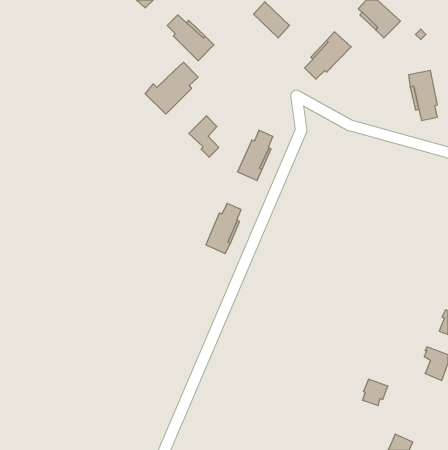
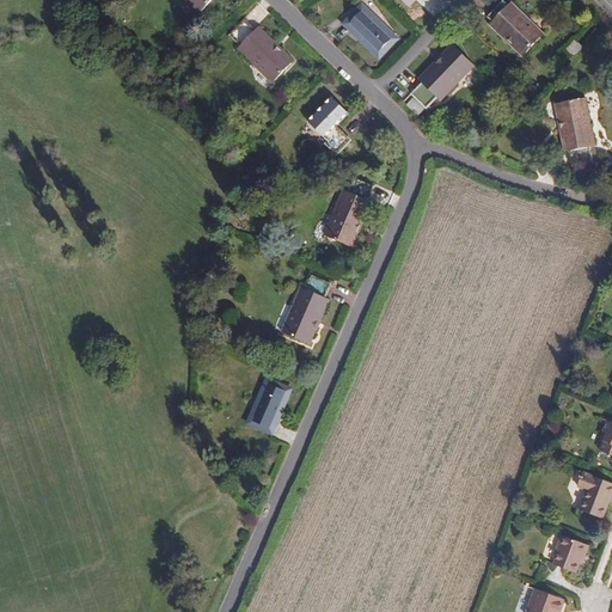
building: [145,62,198,114] -> none
building: [189,116,219,157] -> [306,98,347,154]
building: none -> [246,381,286,432]
building: [362,379,388,406] -> [552,536,587,571]

